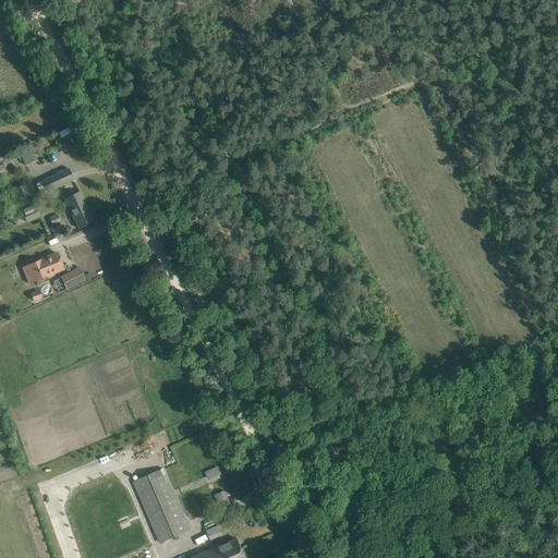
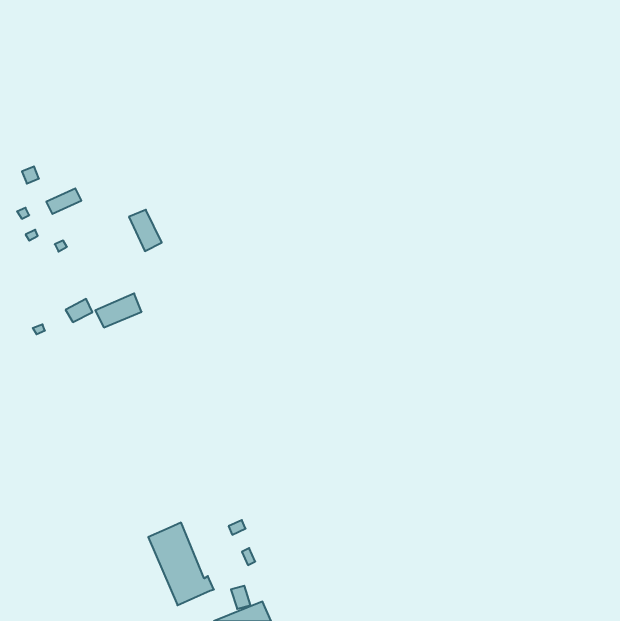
building: [63,192,93,229] -> [129,210,162,251]
building: [21,253,62,283] -> [95,293,142,327]

